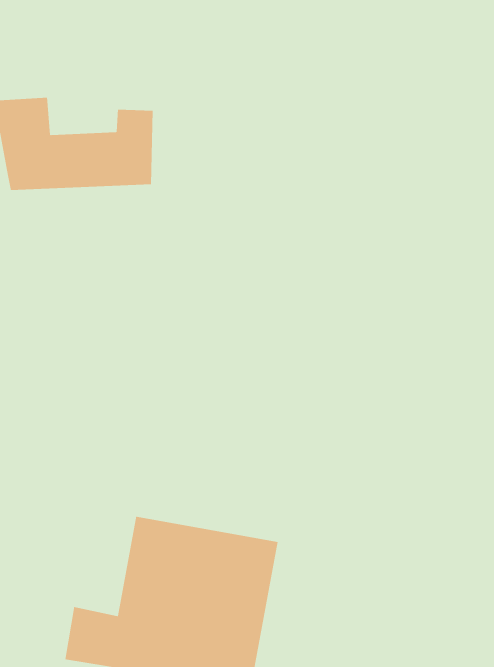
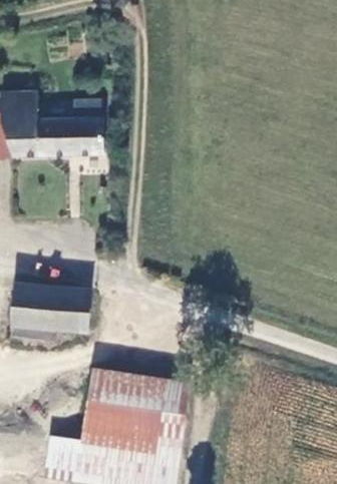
building: none -> [11,287,85,341]

